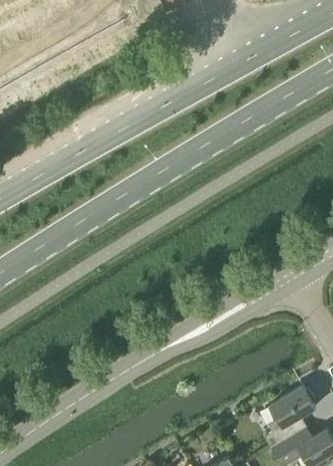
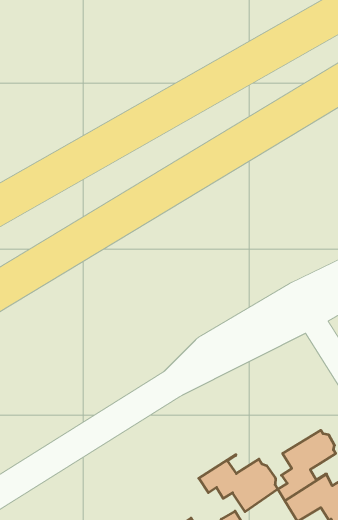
building: none -> [199,455,278,512]

